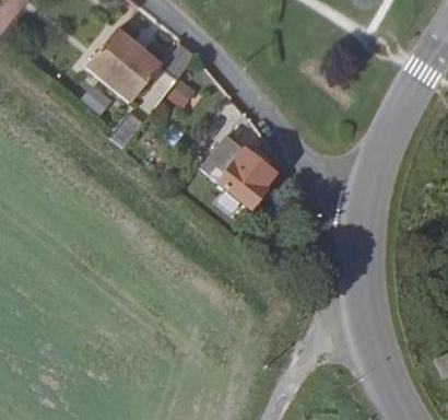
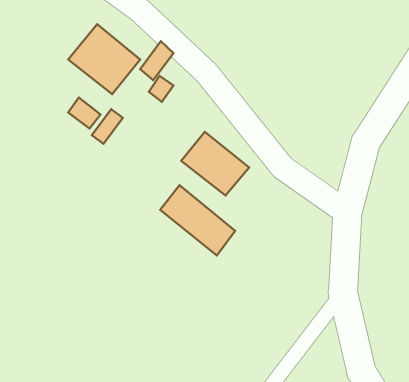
building: none -> [160,185,235,255]

